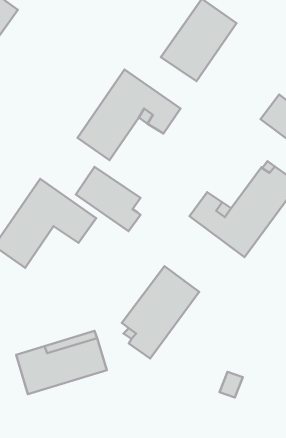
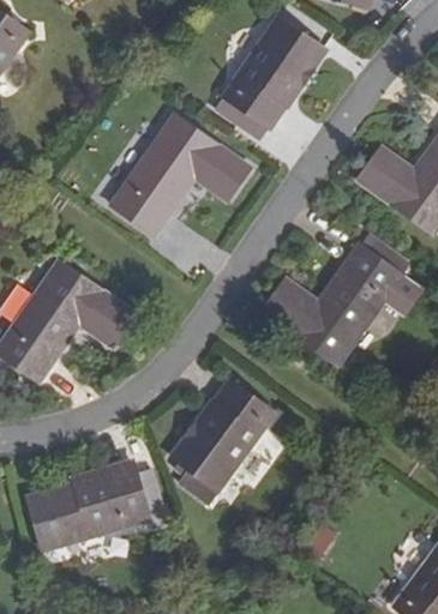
building: [76,167,140,231] -> none

